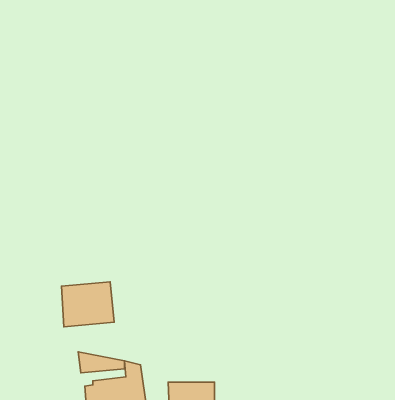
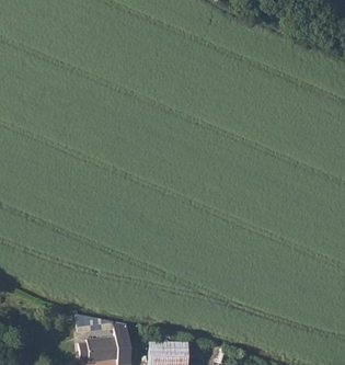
building: [62,282,114,327] -> none

